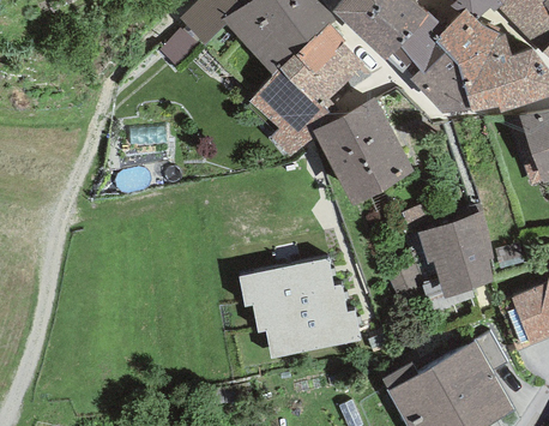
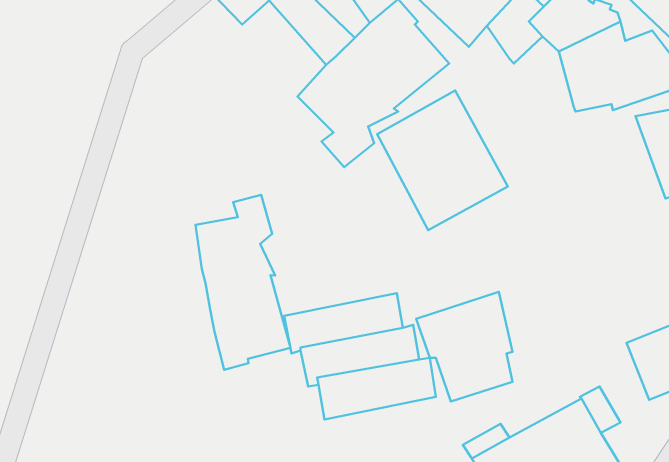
building: [409,53,470,113] -> none
building: none -> [195,195,290,370]
building: [417,210,494,298] -> [416,292,512,401]

